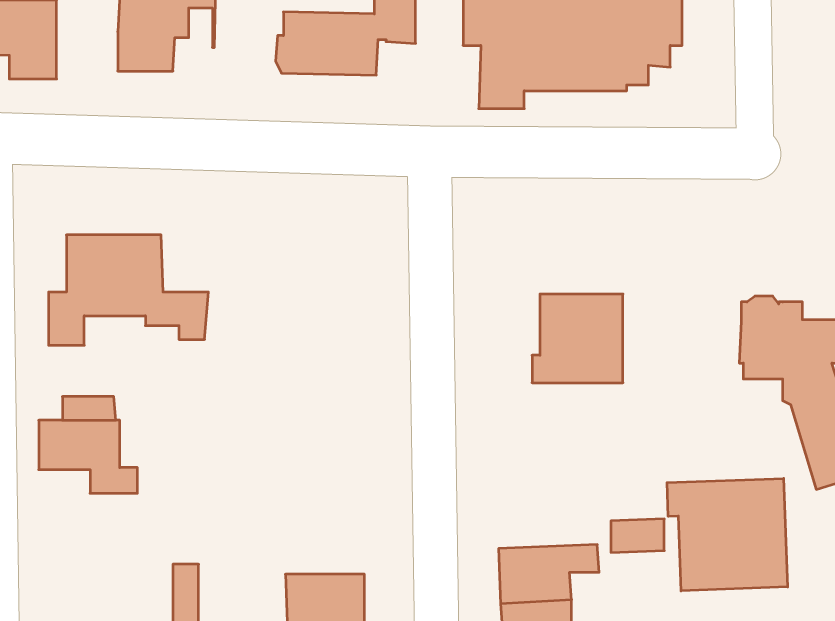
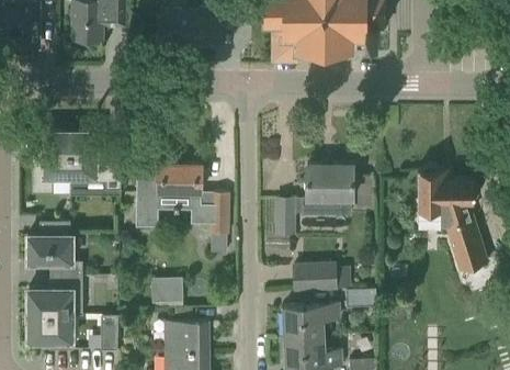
building: none -> [135,165,227,236]
building: none -> [276,200,294,235]
building: none -> [293,266,337,291]
building: [667,478,788,591] -> none
building: none -> [27,277,82,343]
building: none -> [152,277,183,306]

